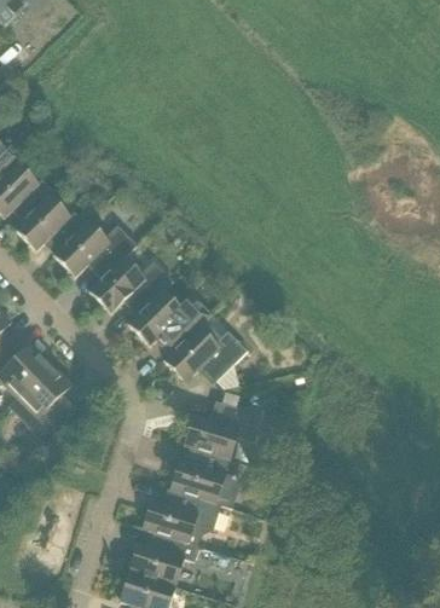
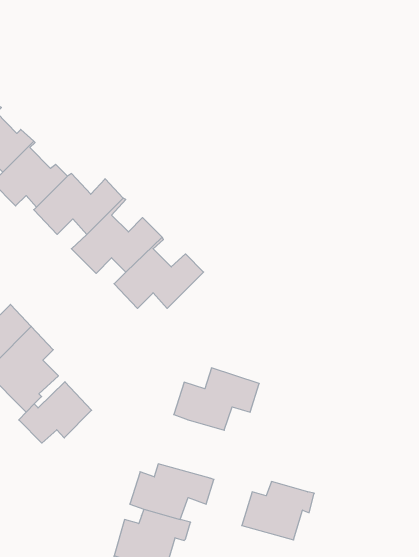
building: [162,312,248,383] -> none
building: none -> [19,382,92,443]
building: [168,450,236,504] -> [242,482,314,540]

